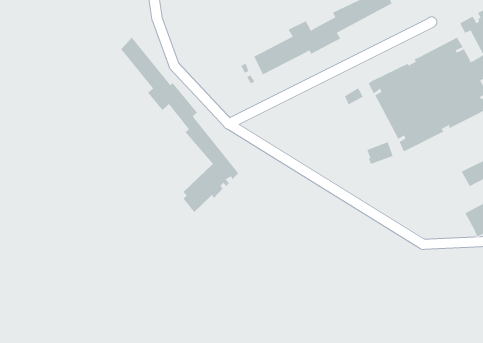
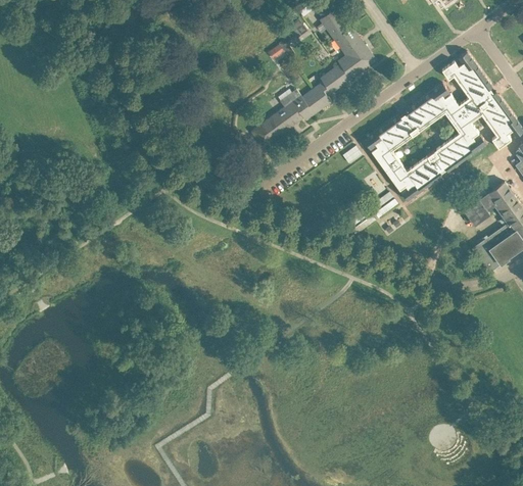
building: [120,37,239,213] -> none

